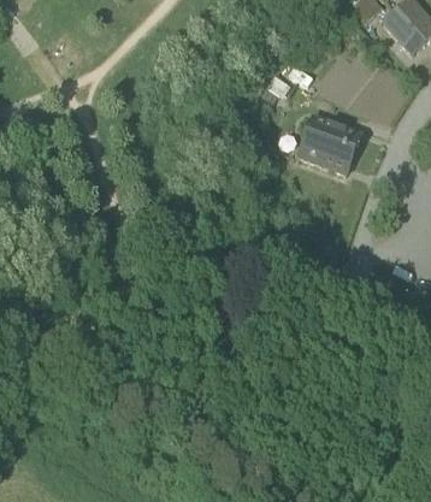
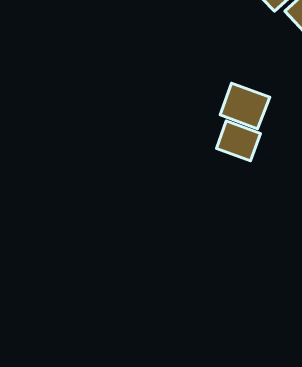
building: none -> [216,121,260,161]

